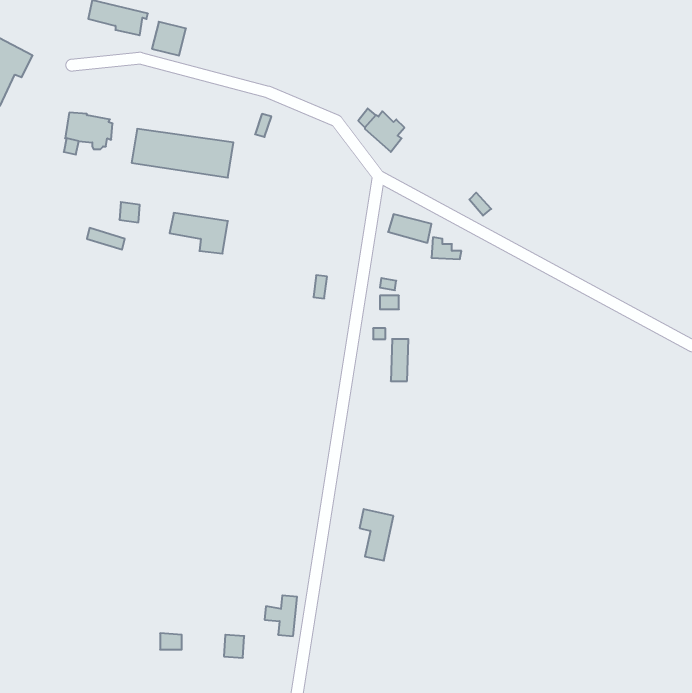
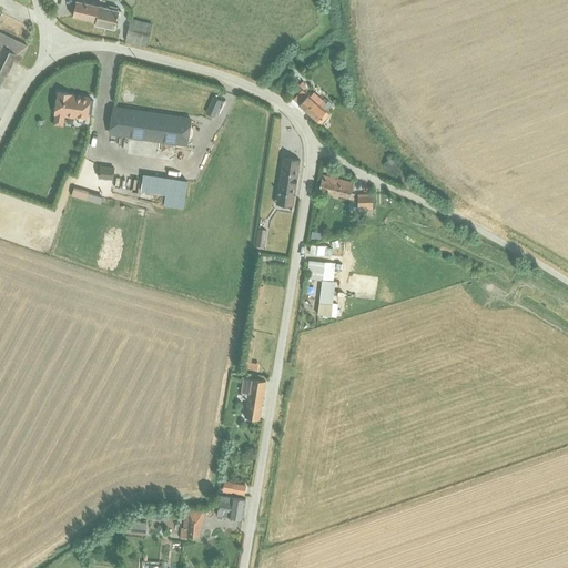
building: none -> [275,156,298,206]
building: [360,509,393,561] -> [237,378,265,420]

